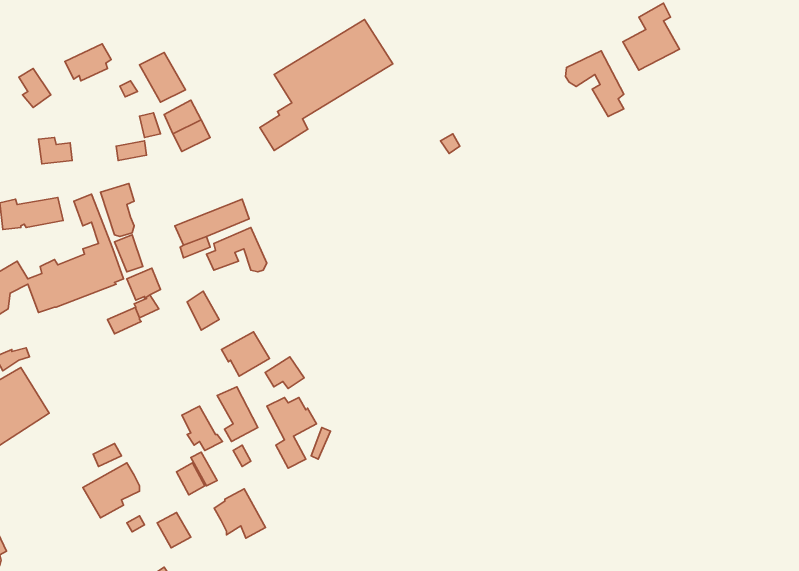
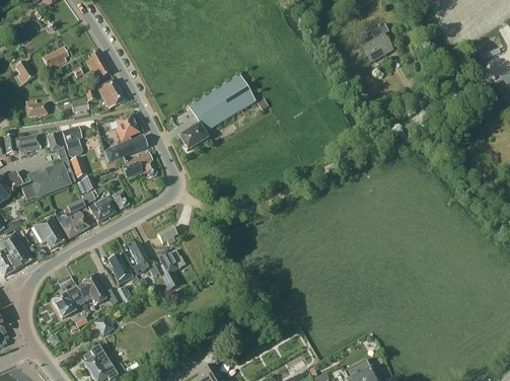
building: [260,20,393,151] -> [179,74,256,149]
building: [566,51,624,117] -> none
building: none -> [116,113,139,141]
building: none -> [60,210,89,237]
building: [222,332,269,376] -> [88,196,116,221]
building: none -> [31,215,65,247]
building: [214,489,265,538] -> [77,275,106,303]

